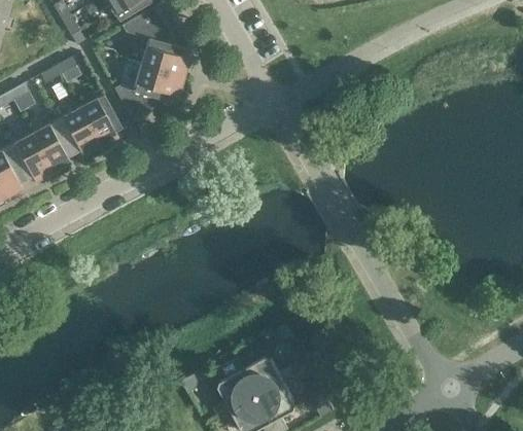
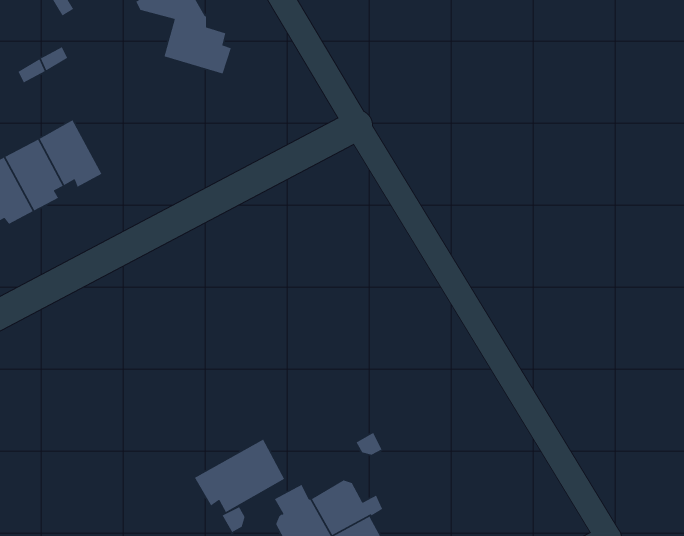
building: [113,64,182,120] -> none
building: [78,94,120,145] -> none
building: none -> [194,439,285,513]

